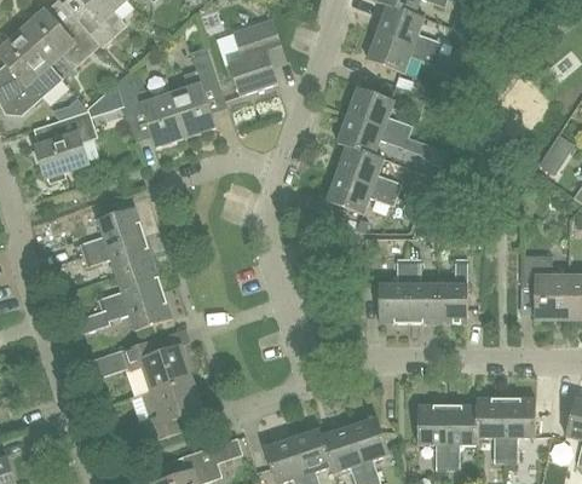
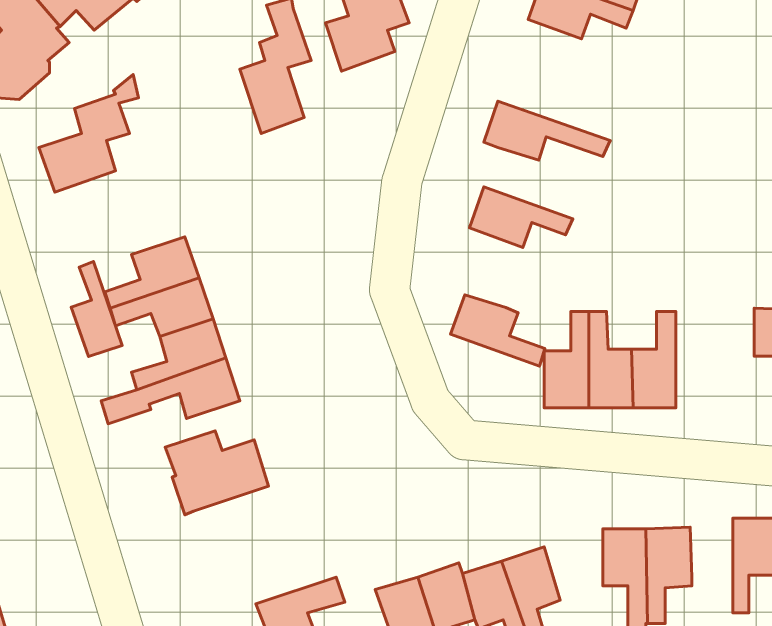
building: [116,70,185,146] -> none
building: [346,87,422,142] -> none
building: [336,146,401,195] -> [451,295,545,366]
building: none -> [71,261,122,357]
building: [136,376,202,443] -> none
building: [477,398,506,462] -> none

